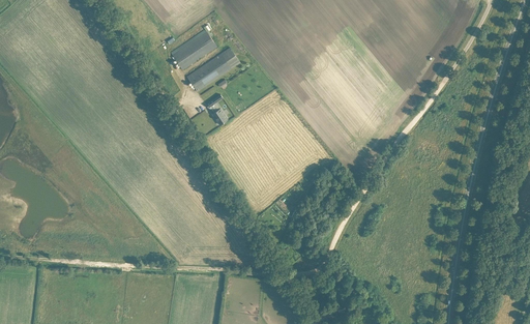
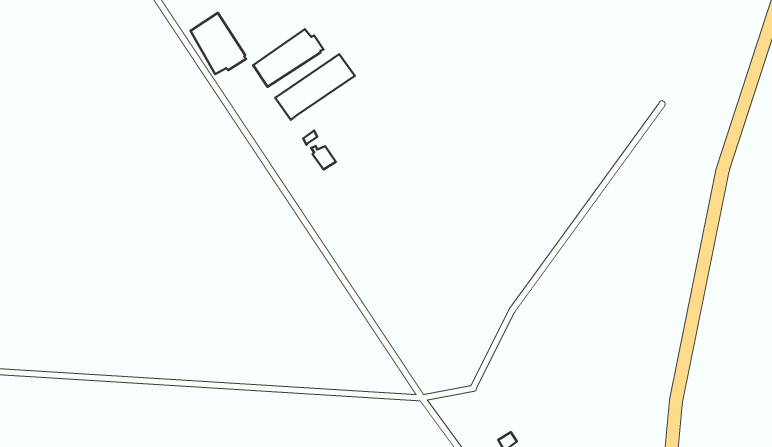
building: none -> [190,13,246,74]

